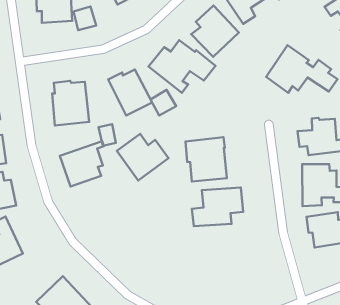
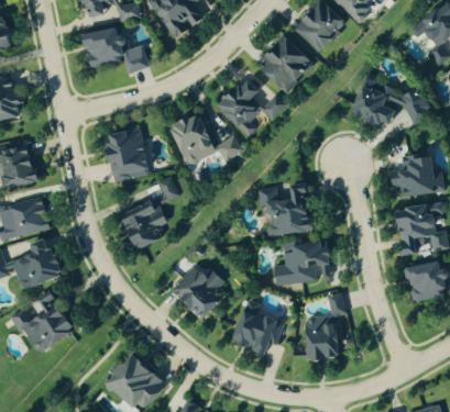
building: [117,134,169,180] -> [169,267,229,320]
building: none -> [300,294,345,360]
building: none -> [229,308,283,357]

